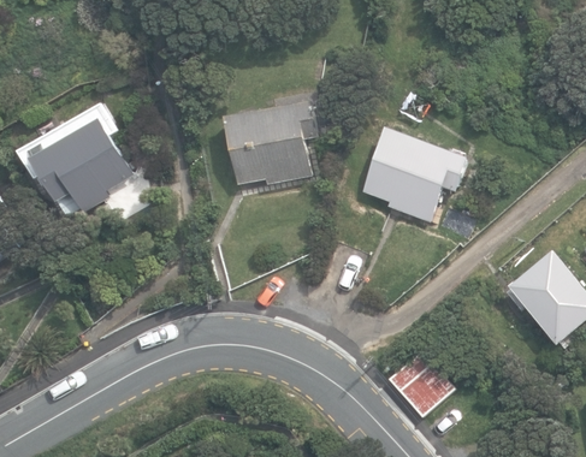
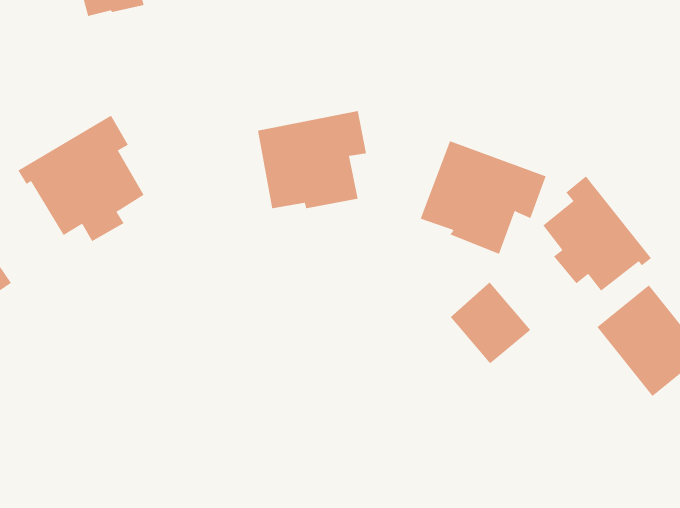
building: none -> [543,176,652,292]
building: [385,344,454,414] -> [450,282,531,364]

